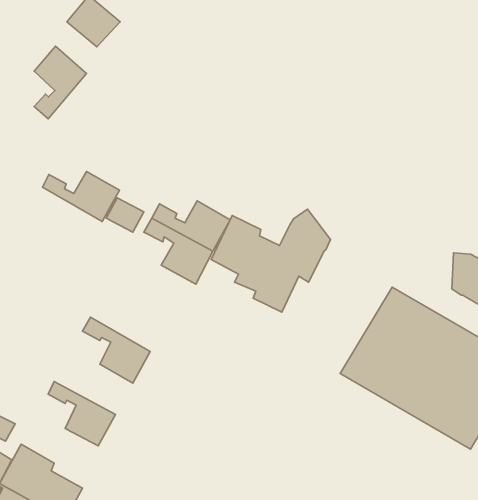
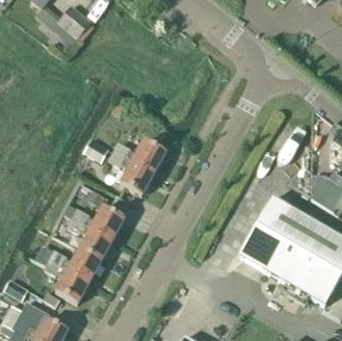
building: [34,46,87,119] -> none
building: [43,171,119,222] -> [73,207,124,240]
building: [211,209,330,312] -> none
building: none -> [49,248,101,282]

